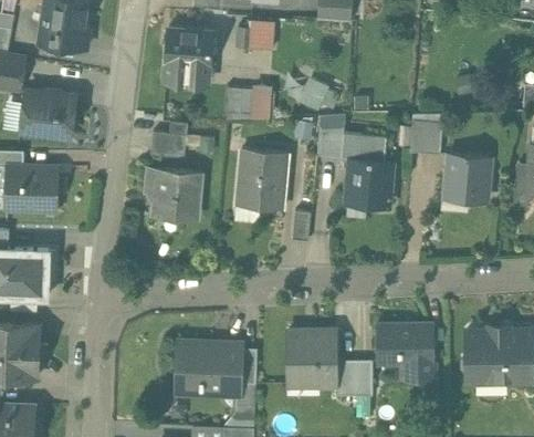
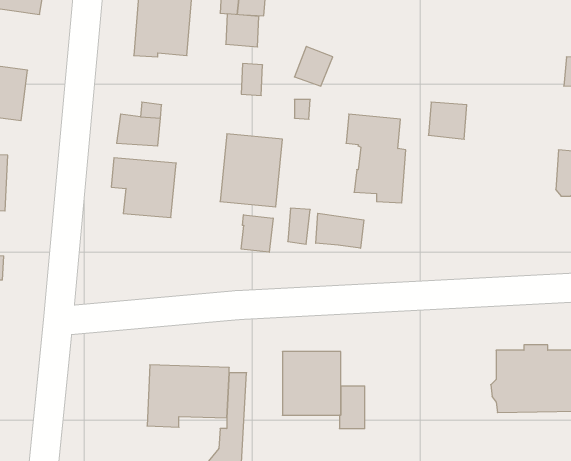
building: [227,89,254,116] -> [226,14,259,47]
building: [316,116,345,157] -> none
building: [446,153,489,201] -> none
building: none -> [316,213,364,248]
building: none -> [241,215,273,252]
building: [376,324,433,378] -> none
building: [356,360,376,395] -> none

